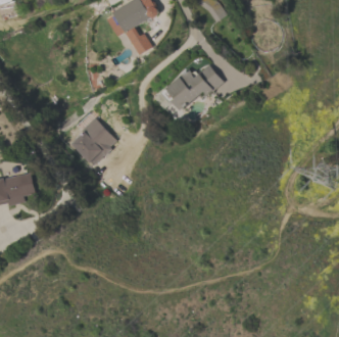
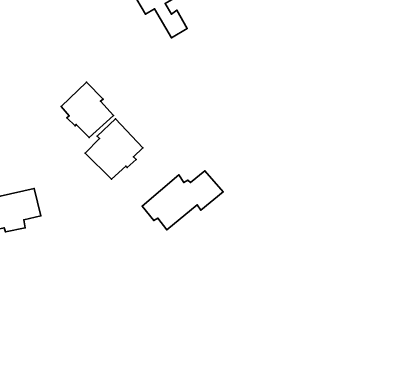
building: [160,64,224,110] -> [142,171,223,230]
building: none -> [61,82,114,138]

